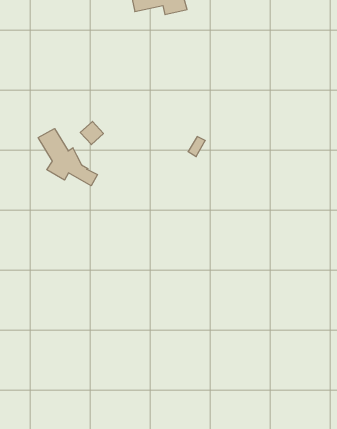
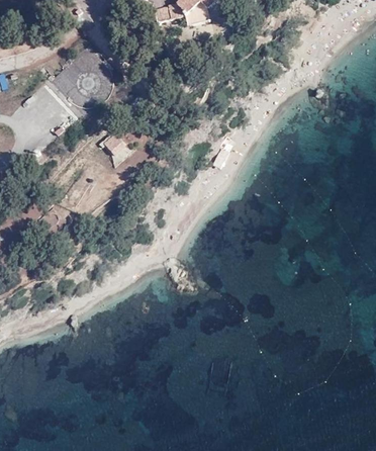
building: [38,129,97,186] -> none

